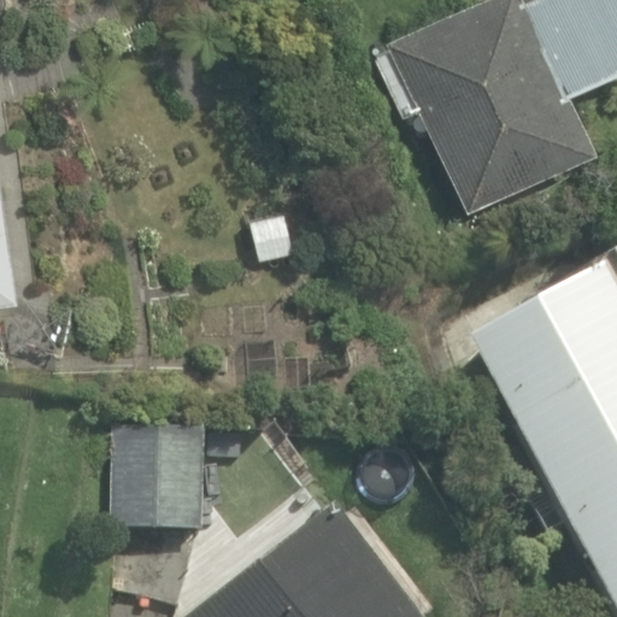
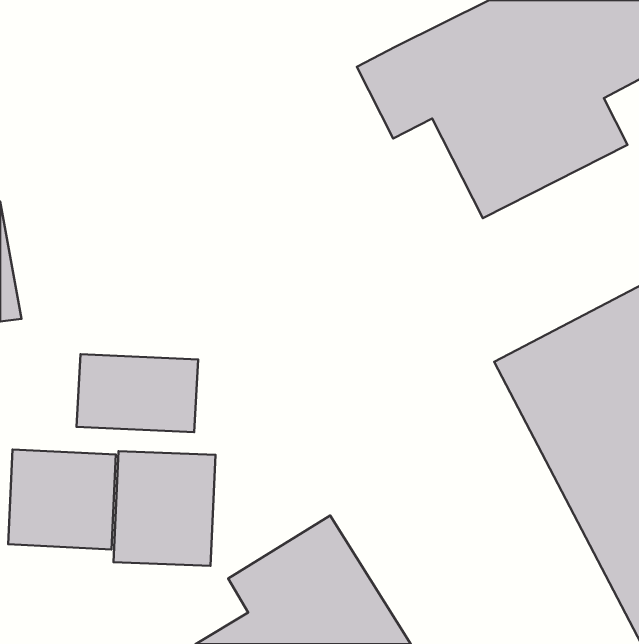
building: none -> [76,354,198,432]
building: none -> [8,449,116,549]

